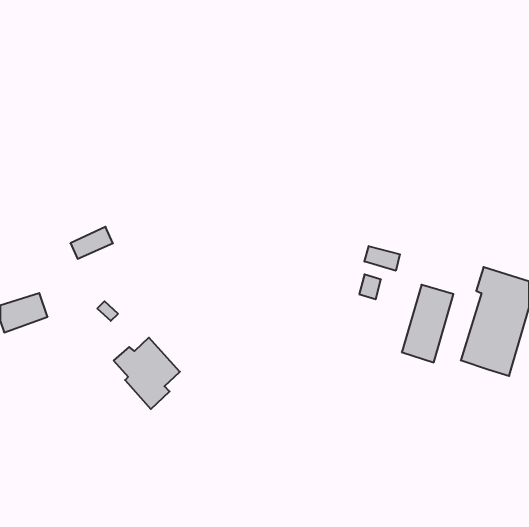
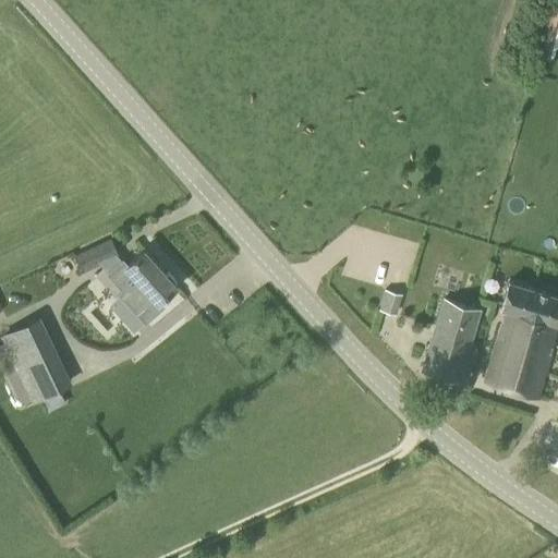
building: [364,246,400,271] -> none
building: none -> [15,353,71,405]
building: [114,338,180,409] -> [106,252,175,327]

